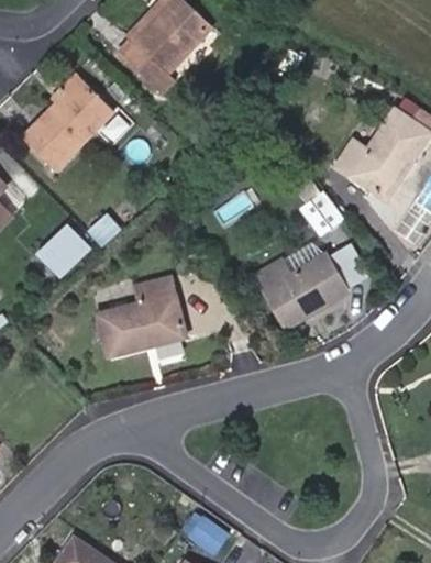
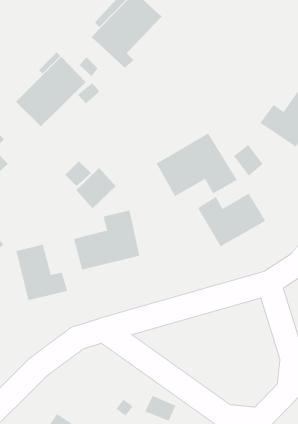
building: none -> [156,132,238,197]
building: [37,224,90,278] -> [75,167,116,209]
building: none -> [16,244,68,301]

